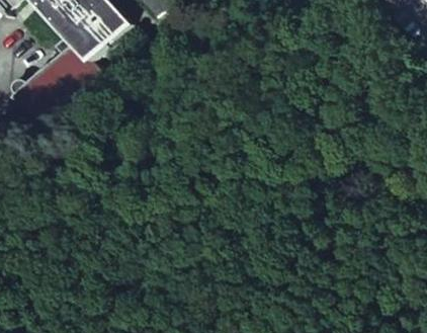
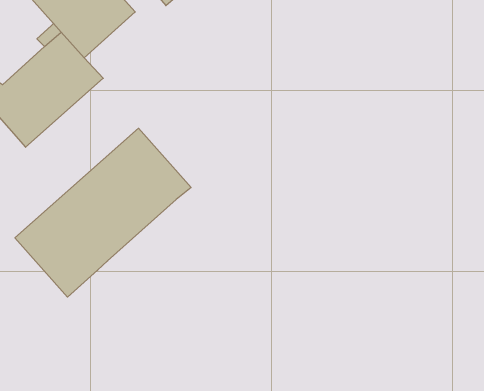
building: none -> [15,128,191,297]

